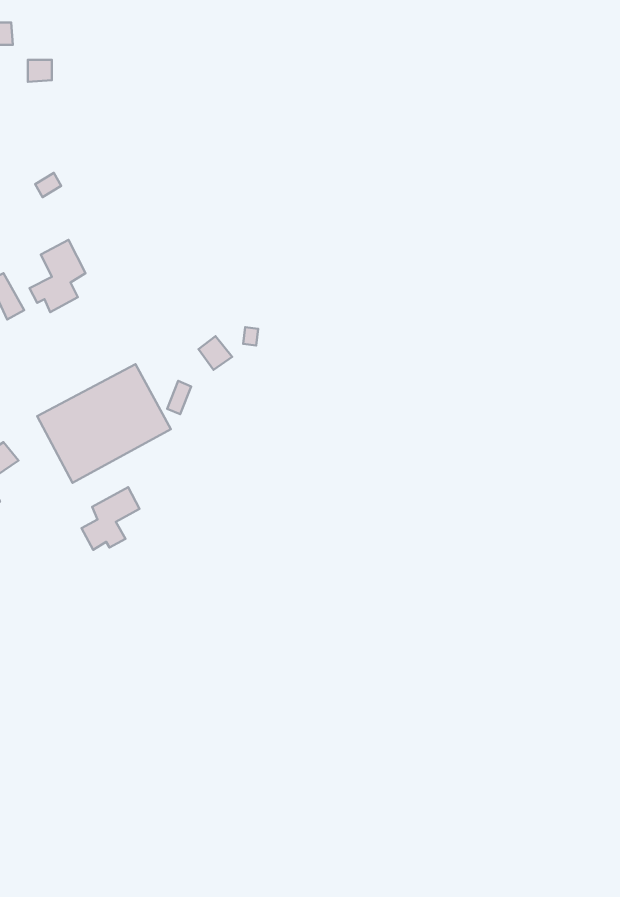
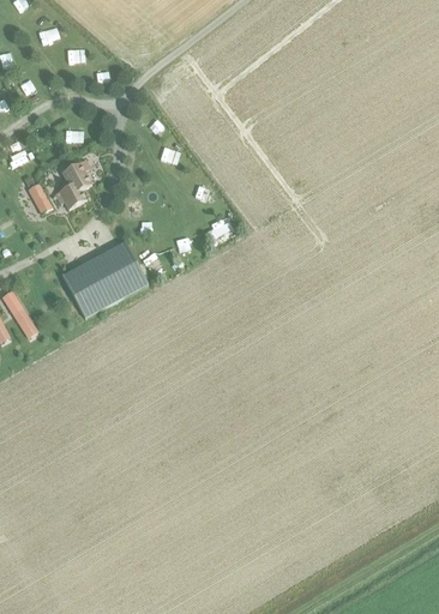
building: [82,487,140,550] -> none

